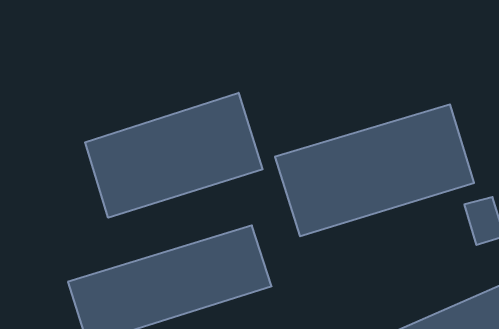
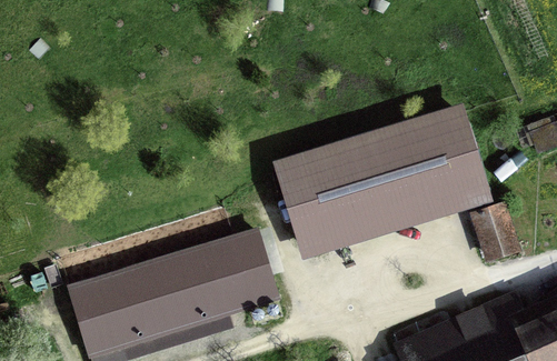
building: [85,93,263,218] -> none

